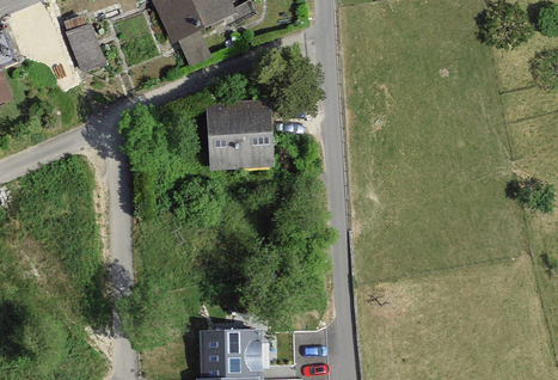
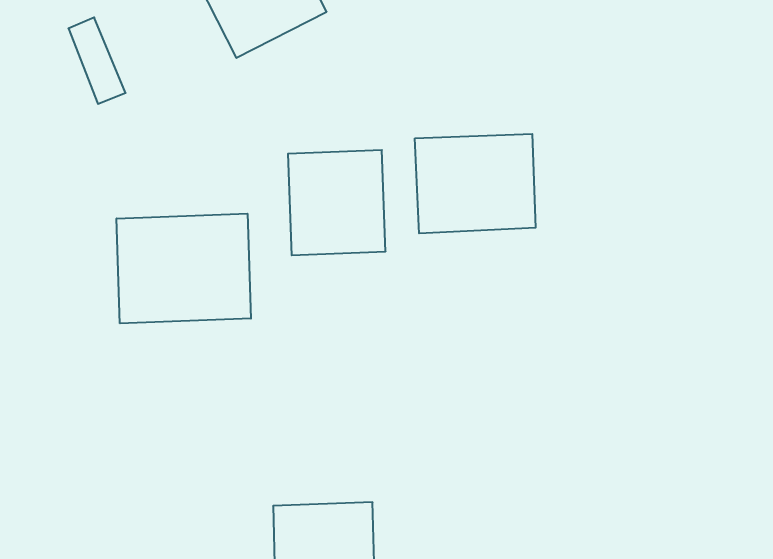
building: none -> [415,134,536,233]
building: none -> [117,214,251,323]

